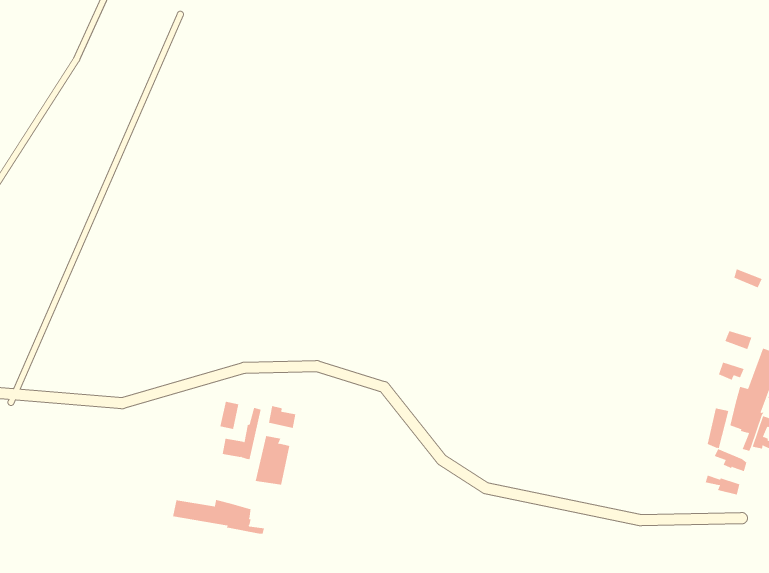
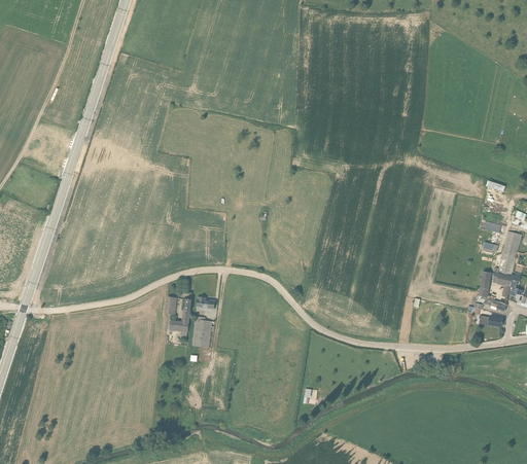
building: [172,499,264,535] -> none

